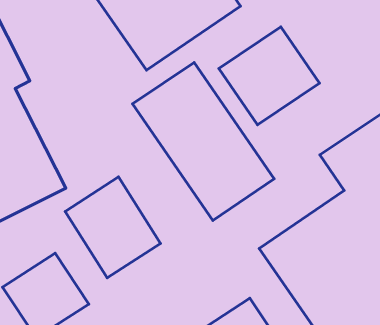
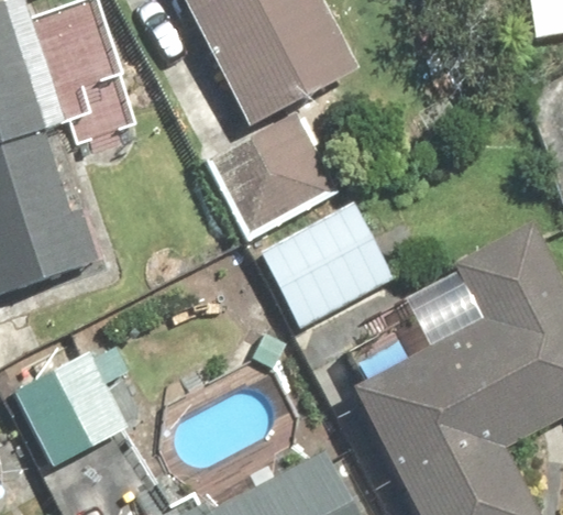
building: [219,27,320,125] -> none
building: [65,177,161,278] -> none

